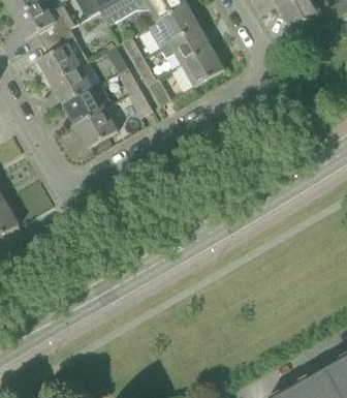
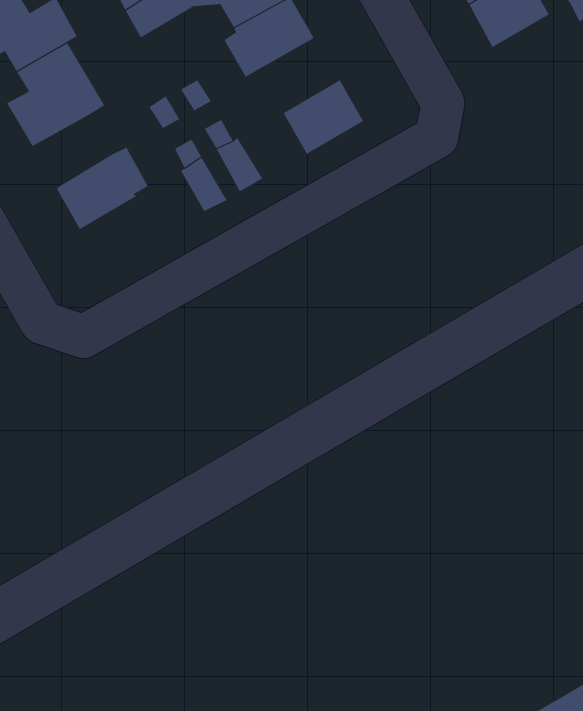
building: [160,24,210,63] -> none
building: [49,64,90,102] -> none
building: [73,106,116,146] -> none

